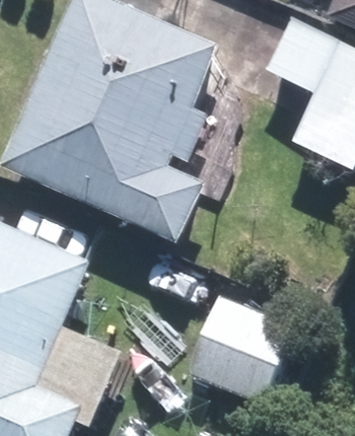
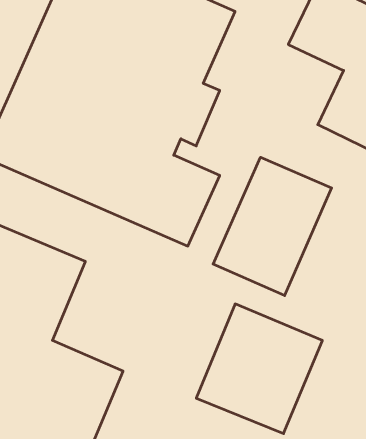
building: none -> [213,157,332,296]

